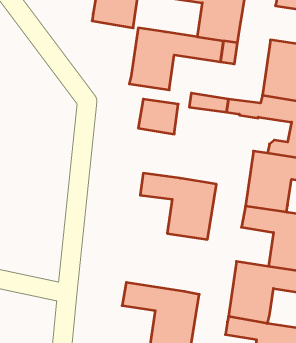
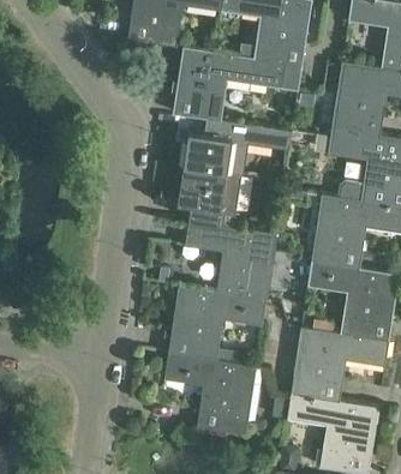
building: none -> [178,168,240,228]
building: none -> [168,288,265,364]

